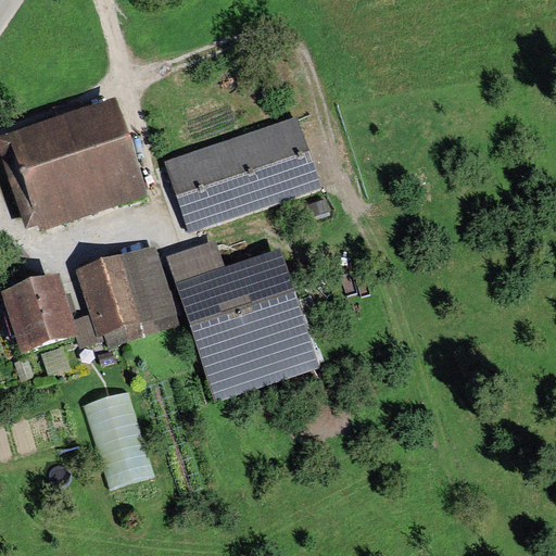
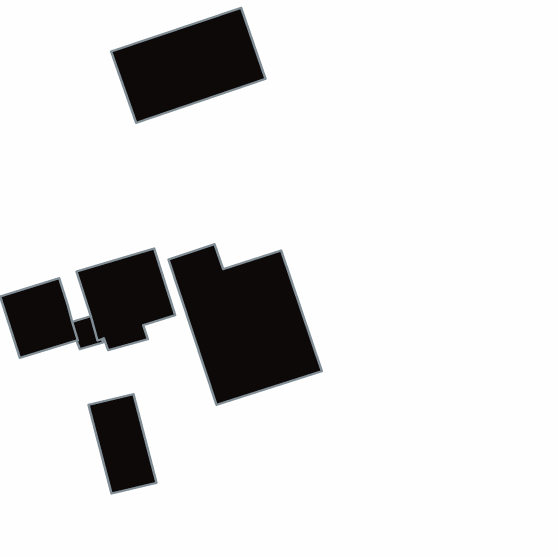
building: [4,105,132,218] -> none
building: [164,117,317,231] -> [111,8,265,123]

